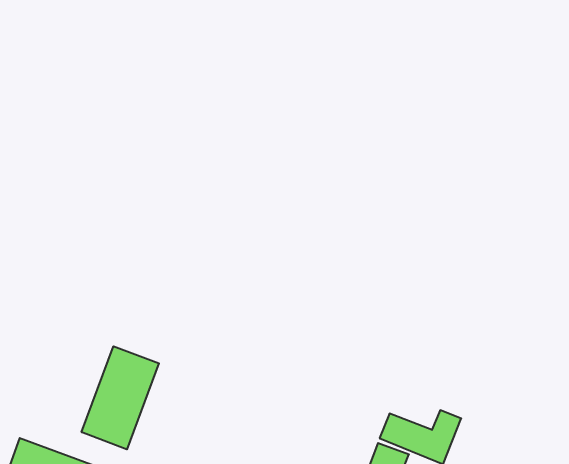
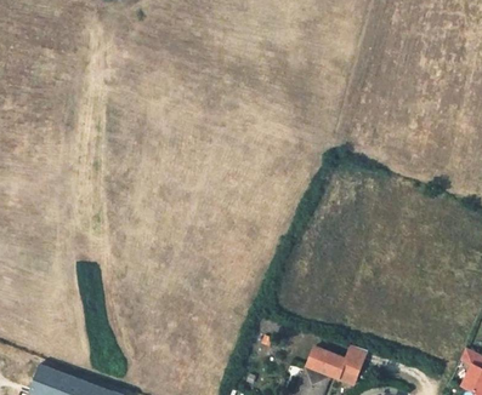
building: [82,346,159,449] -> none

